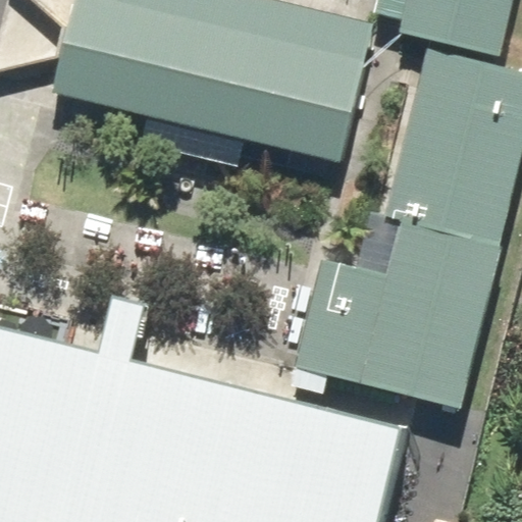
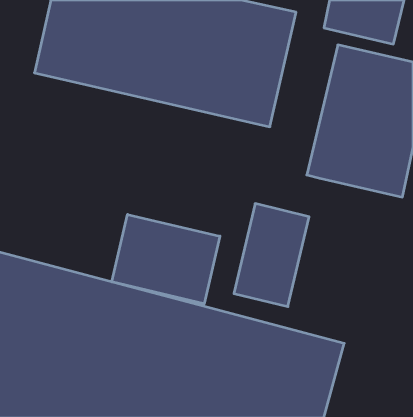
building: [359,223,502,408] -> none
building: none -> [112,214,220,304]

